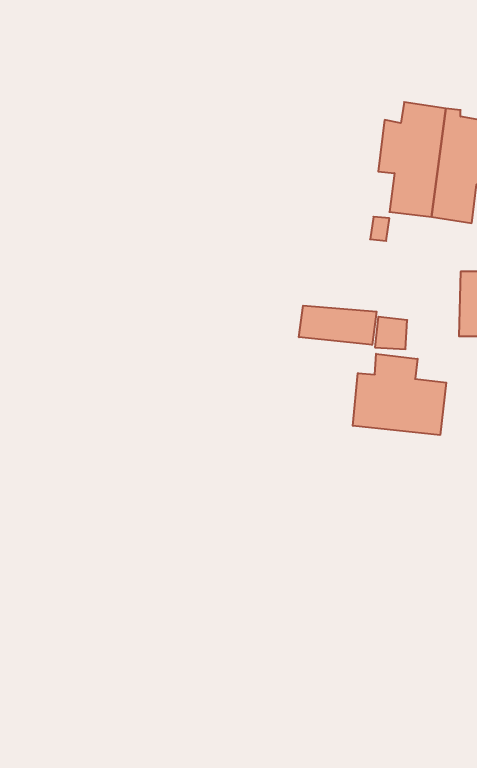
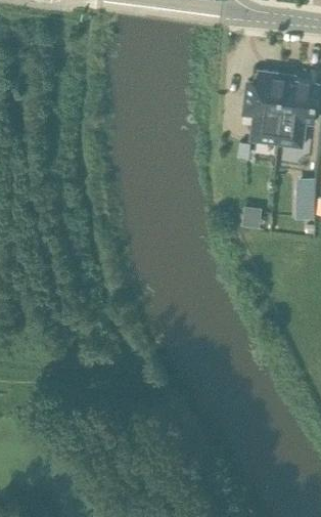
building: [299,306,377,345] -> none
building: [353,354,446,435] -> none

